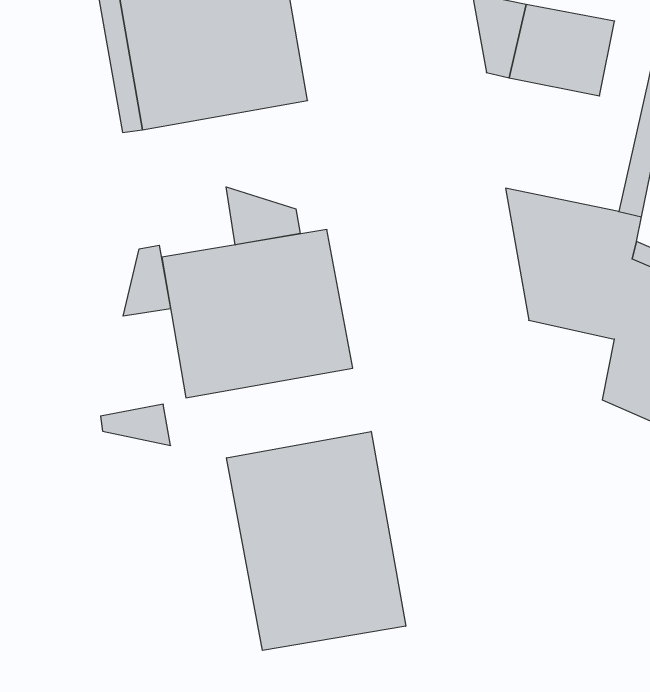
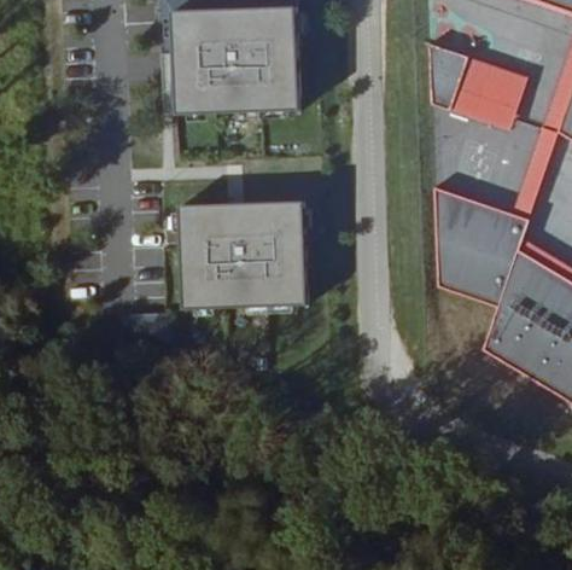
building: [226,187,300,245] -> none
building: [123,245,171,316] -> none
building: [227,431,406,650] -> none

